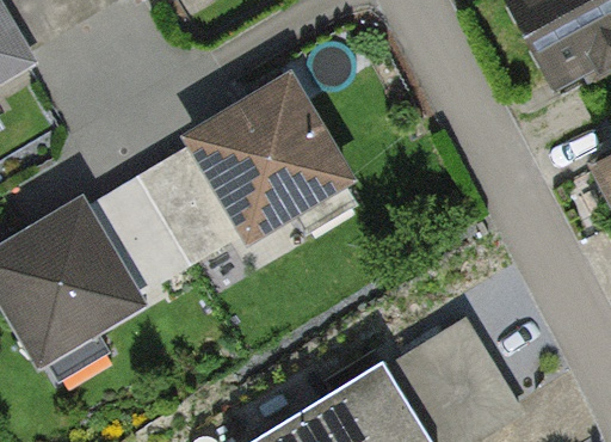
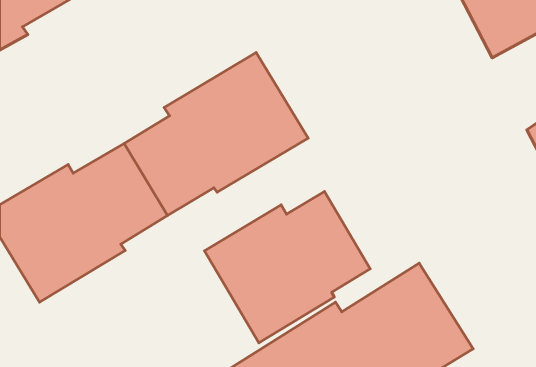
building: none -> [204,192,370,343]

